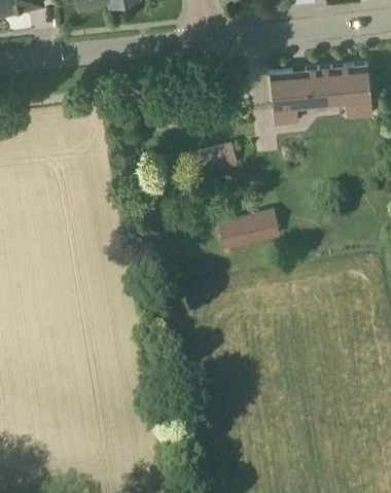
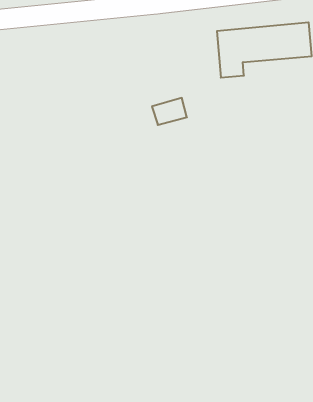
building: [218,212,280,250] -> none

